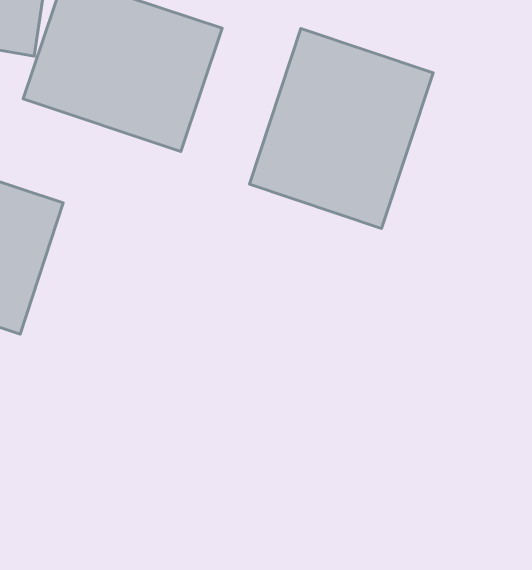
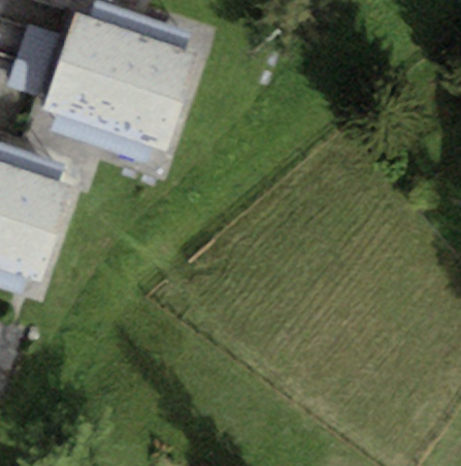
building: [249,29,433,228] -> none

